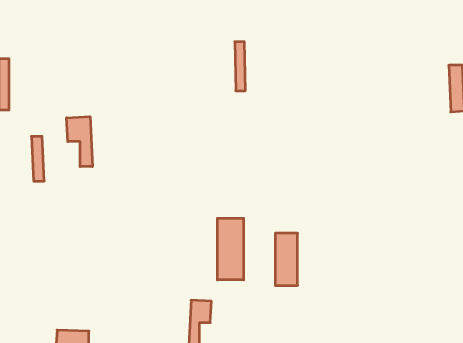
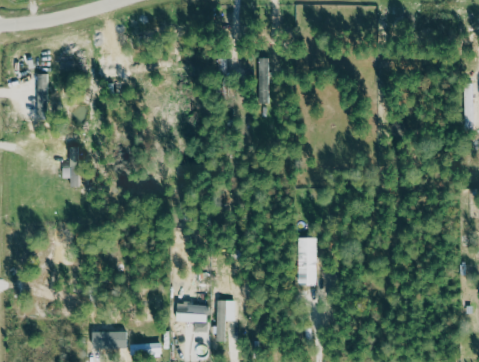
building: [67,117,92,167] -> none
building: [217,218,244,280] -> none
building: none -> [176,301,208,323]

